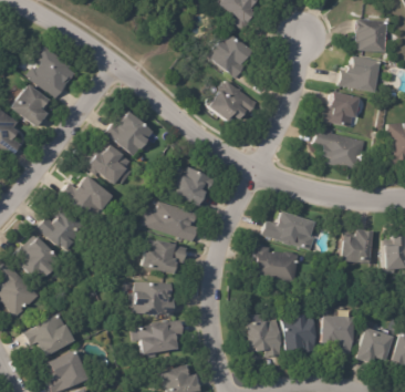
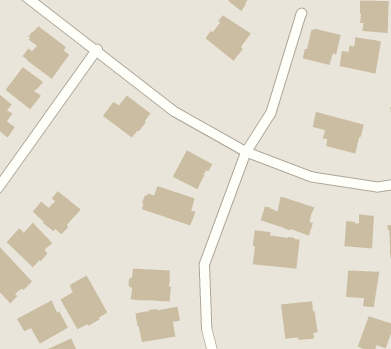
building: [206,81,256,124] -> none
building: [323,91,362,127] -> [302,28,341,65]
building: [81,141,134,184] -> none
building: [60,175,113,220] -> none
building: [144,239,188,275] -> none
building: none -> [59,275,108,330]
building: [319,317,353,354] -> [345,269,380,307]
building: [246,320,279,357] -> none

